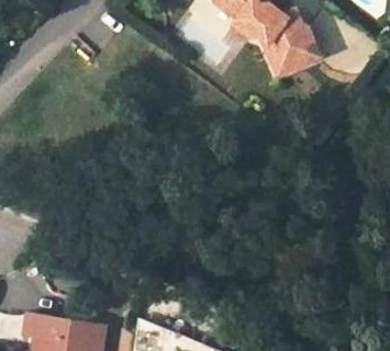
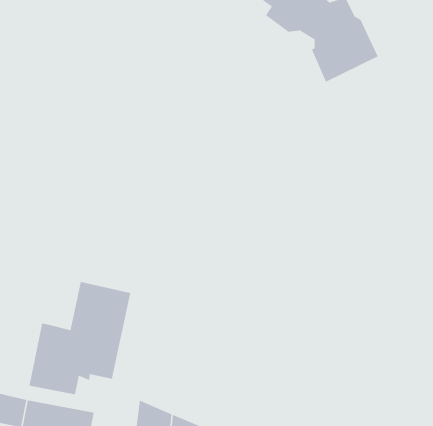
building: none -> [29,281,131,395]

